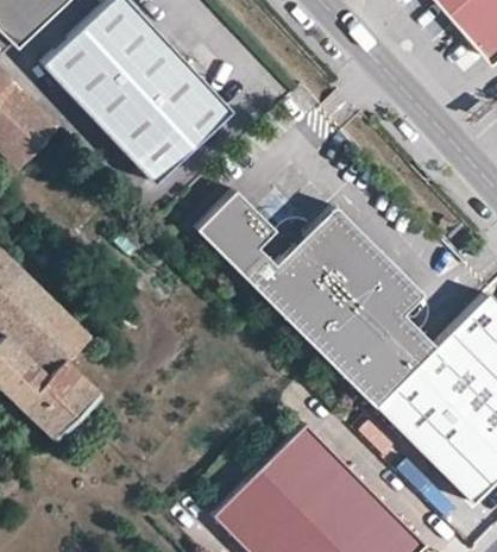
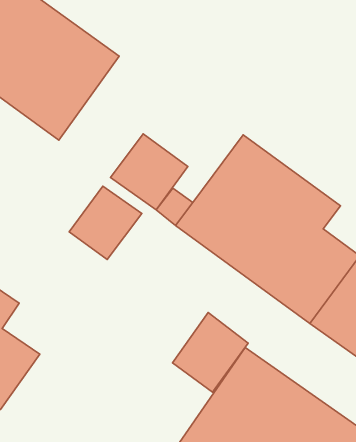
building: none -> [69,186,142,260]
building: none -> [172,313,248,392]

